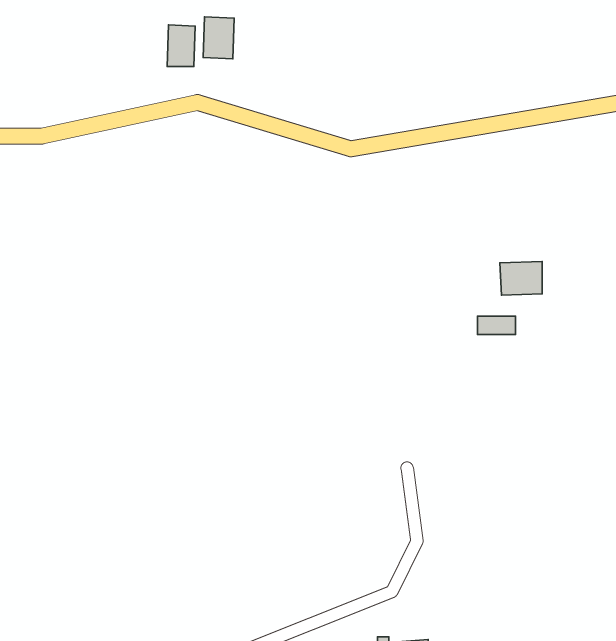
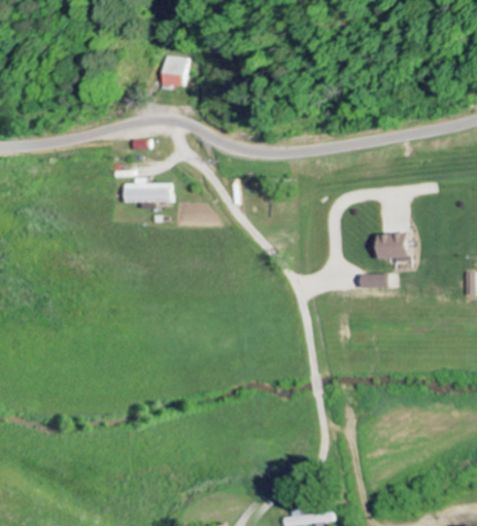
building: [167,25,195,67] -> none
building: none -> [124,177,169,204]

